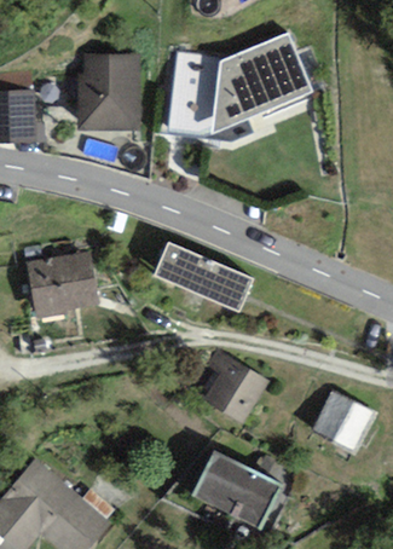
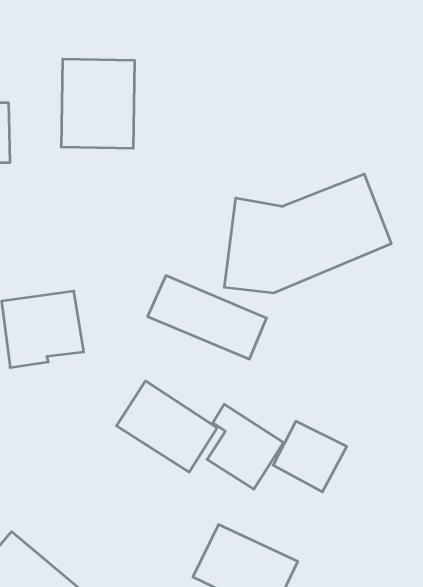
building: [169,31,312,133] -> [224,174,391,293]
building: none -> [116,381,217,472]
building: [312,391,375,451] -> [273,421,347,492]

